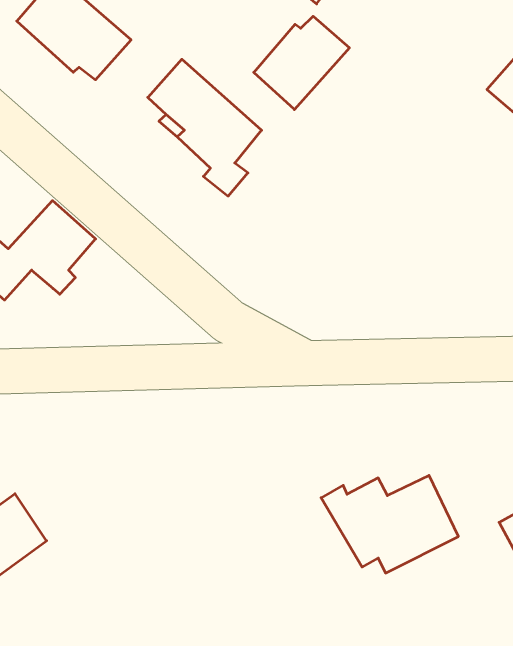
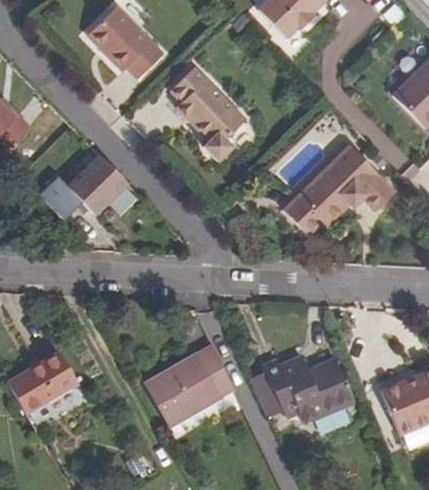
building: [254,16,349,110] -> none
building: none -> [284,144,397,235]
building: none -> [147,345,235,426]

